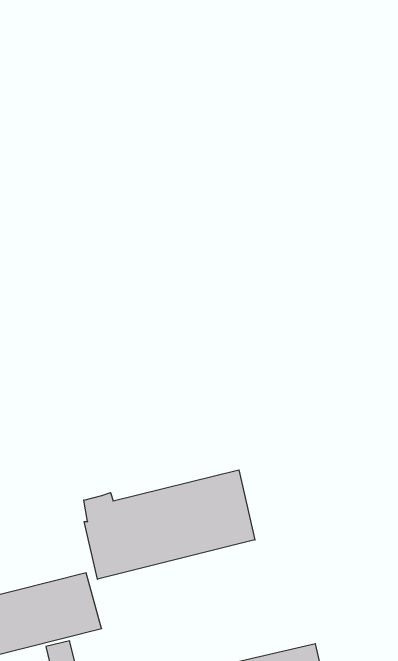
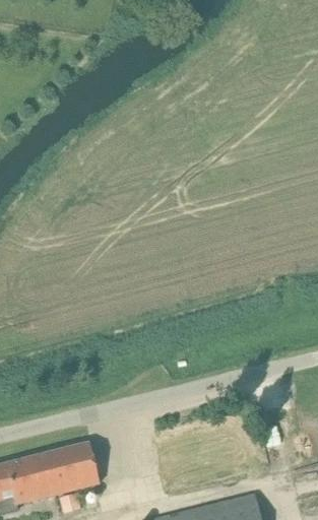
building: [84,470,255,579] -> none

